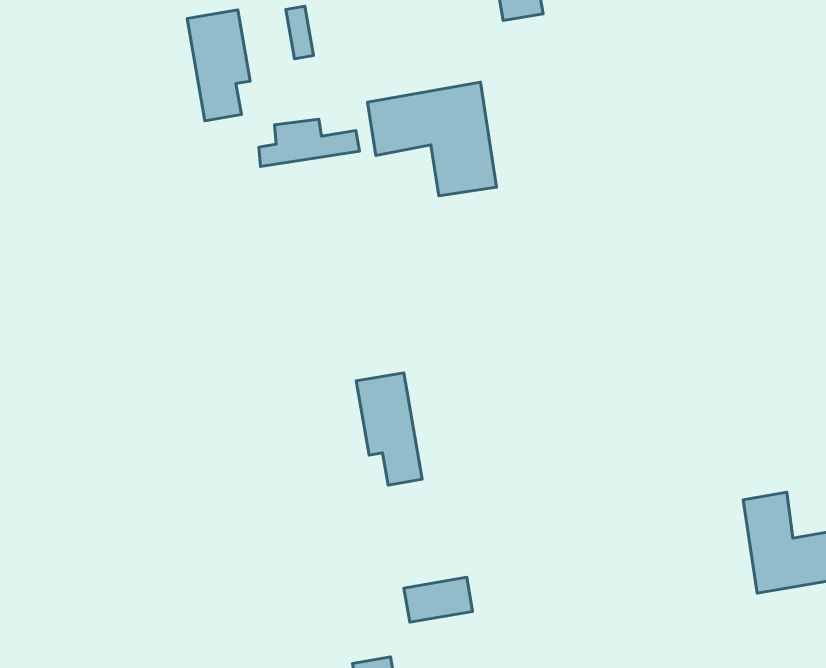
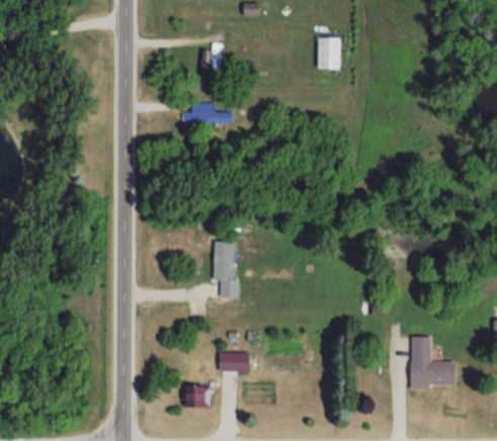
building: [187,10,250,121] -> none
building: [368,82,496,196] -> none

